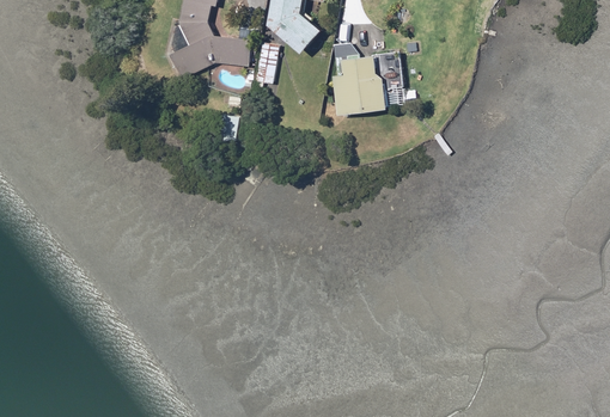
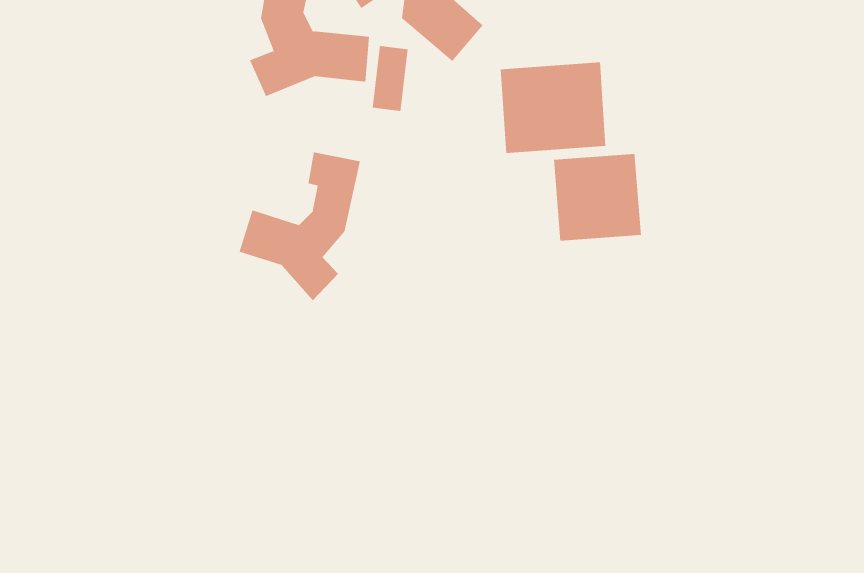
building: none -> [239,152,361,301]
building: none -> [553,153,641,241]

